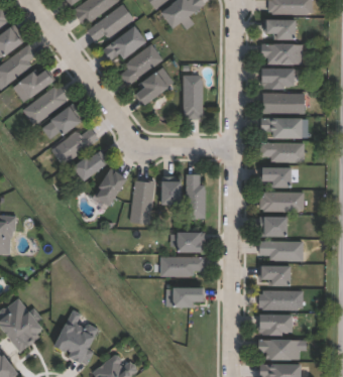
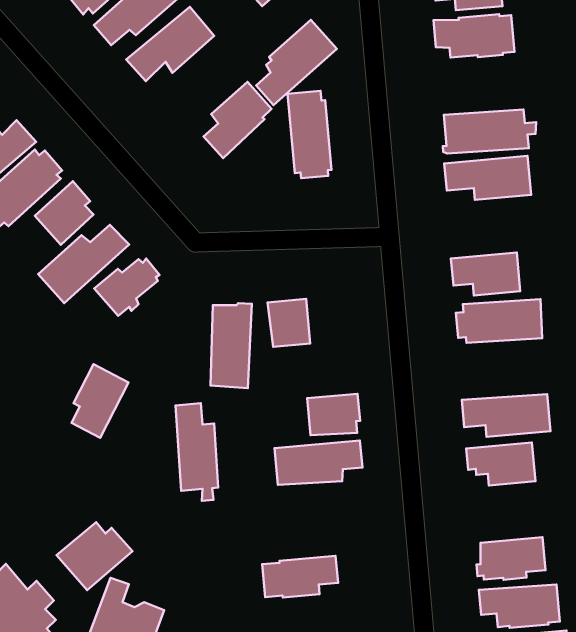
building: [121,40,164,83] -> [256,20,337,105]
building: [262,66,298,86] -> none
building: [261,139,306,159] -> none
building: [99,165,130,204] -> [71,364,128,438]
building: [187,171,207,222] -> [176,403,218,501]
building: [261,214,292,234] -> none
building: none -> [57,522,133,590]
building: [167,285,206,304] -> [262,556,338,598]
building: [260,287,305,306] -> none

